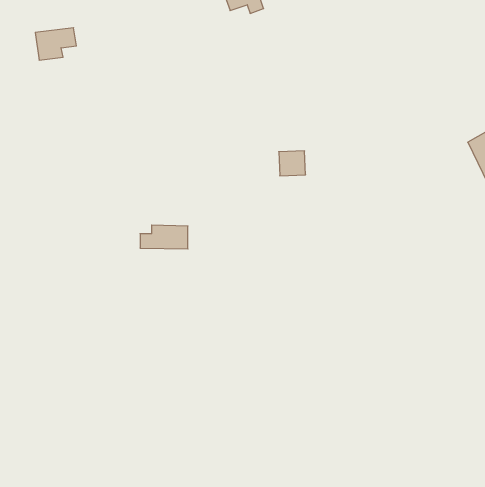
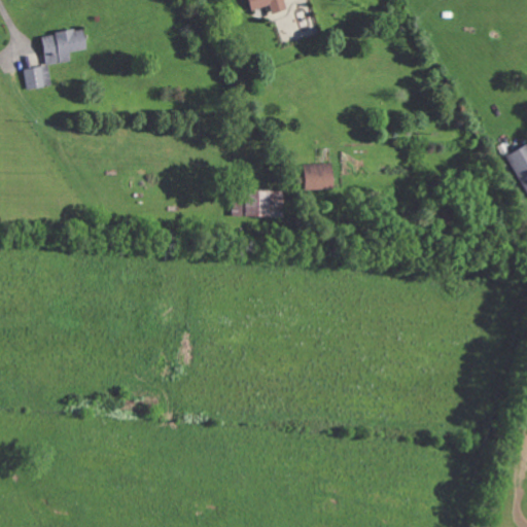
building: none -> [24,66,51,90]
building: [140,225,188,249] -> [233,189,284,215]

